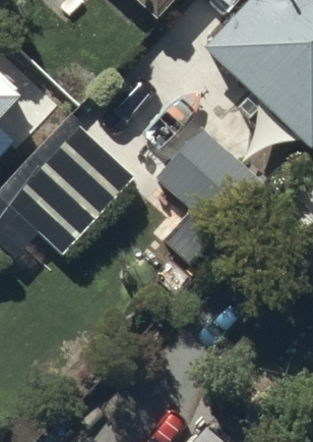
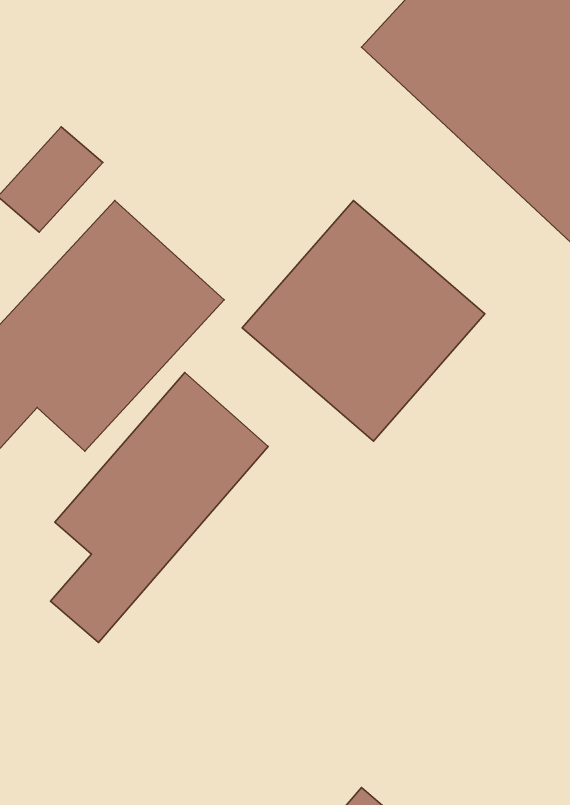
building: none -> [50,373,268,643]

